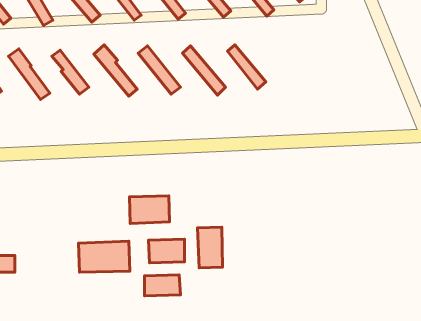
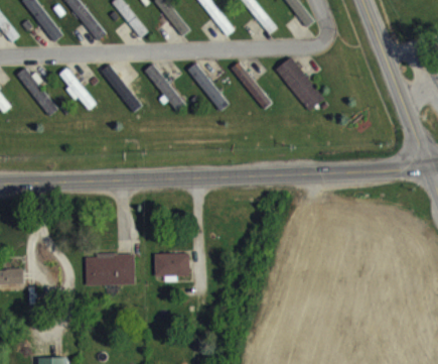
building: none -> [276,56,325,111]
building: [129,196,170,223] -> none
building: [197,227,223,268] -> none
building: [144,275,181,296] -> none

